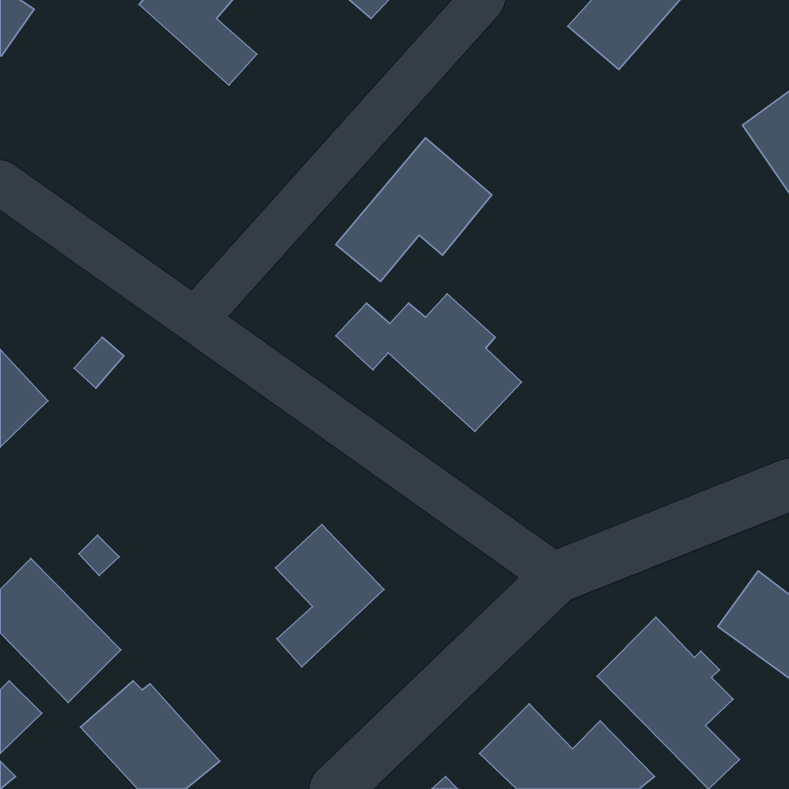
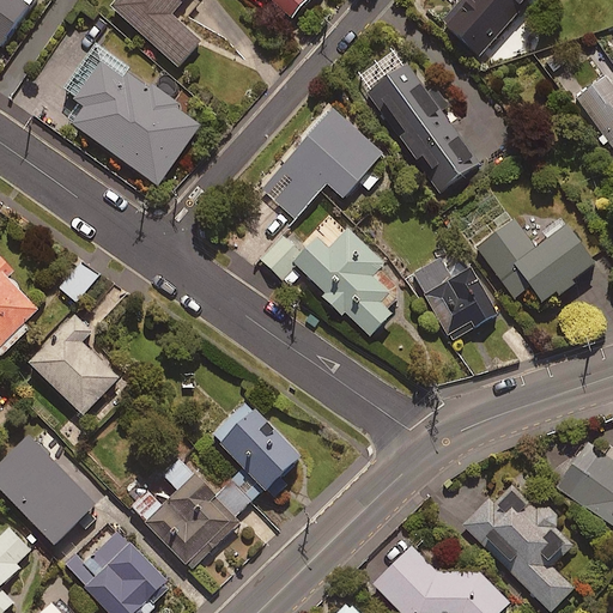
building: none -> [66,51,196,181]
building: none -> [359,51,477,193]
building: none -> [474,217,594,303]
building: none -> [412,256,497,340]
building: none -> [28,316,134,429]
building: none -> [145,457,238,568]

